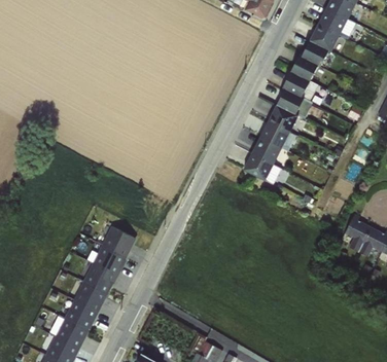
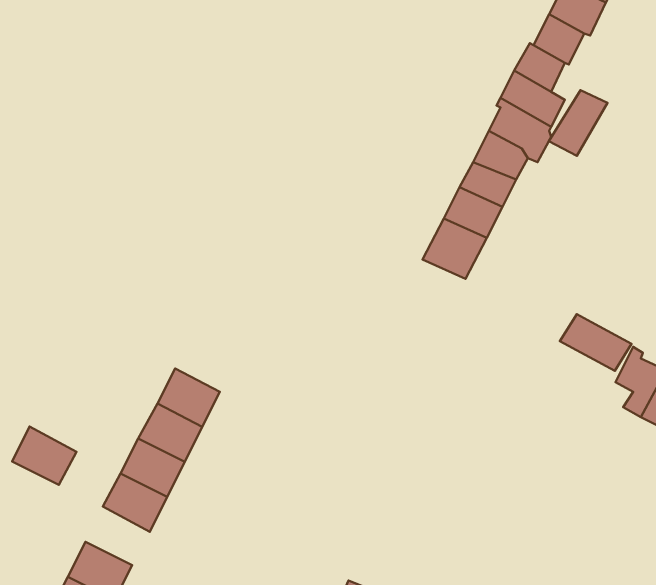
building: none -> [549,90,608,156]
building: none -> [560,314,632,371]
building: [64,300,98,331] -> [12,427,76,485]

